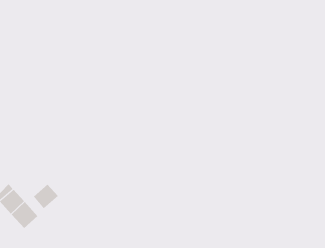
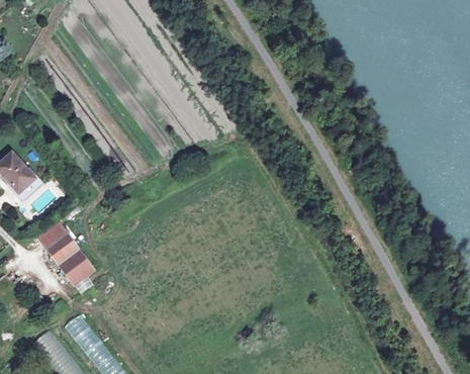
building: [33,184,59,209] -> none

